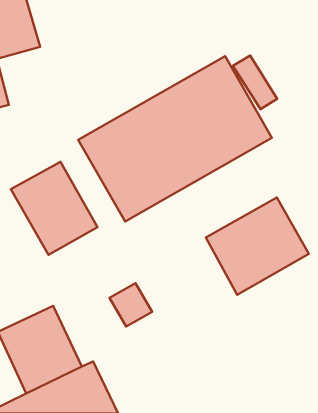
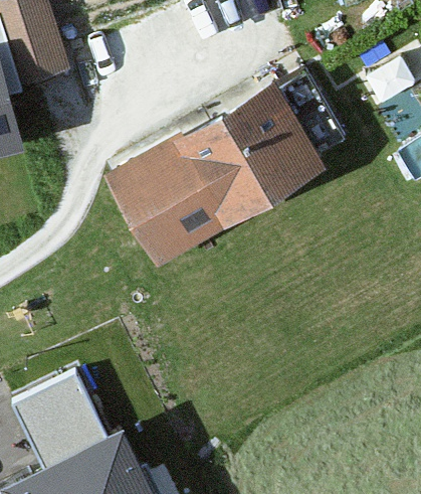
building: [11,162,98,255] -> none
building: [206,197,309,295] -> none

